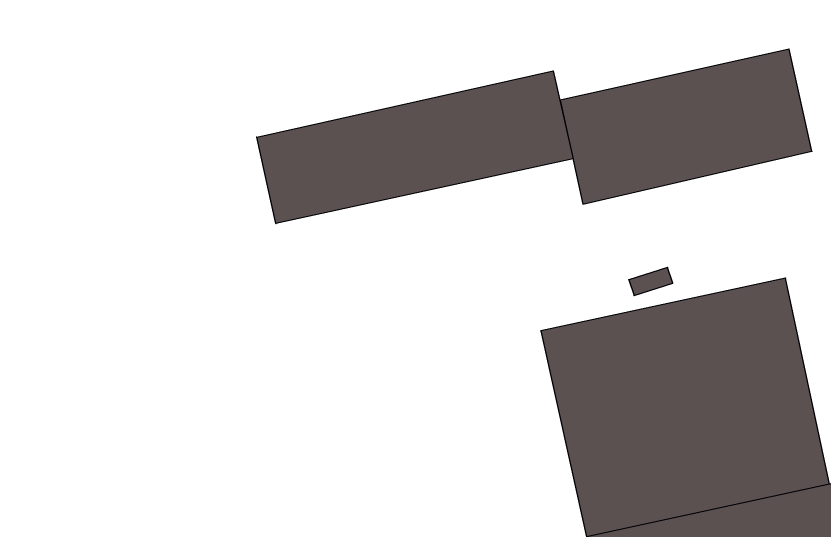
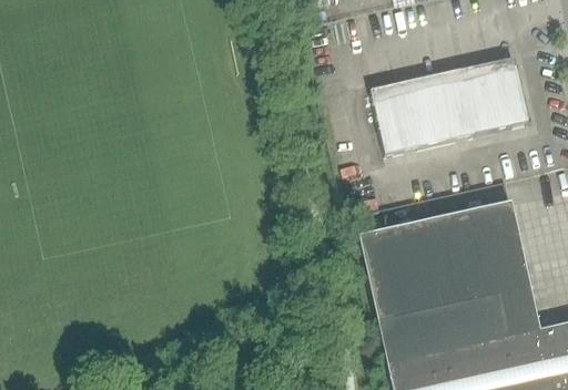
building: [257,71,573,224] -> none

